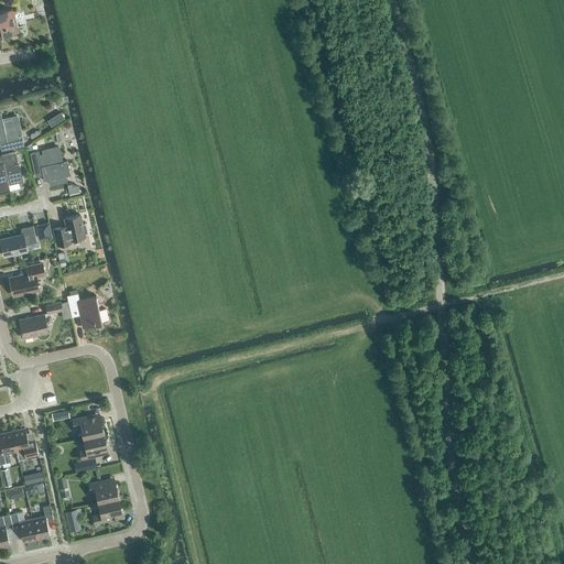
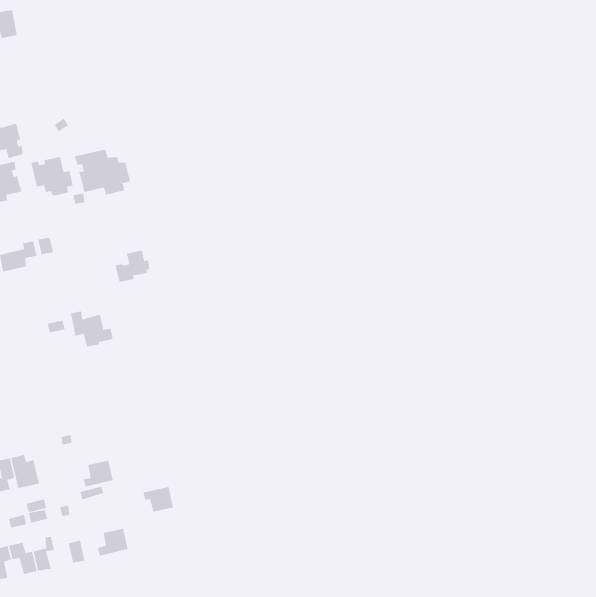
building: none -> [74,149,130,195]
building: [52,215,86,246] -> [114,250,151,283]
building: [10,264,43,295] -> none
building: [18,315,47,338] -> none
building: [72,414,102,438] -> none
building: [87,478,117,502] -> [142,487,174,512]

